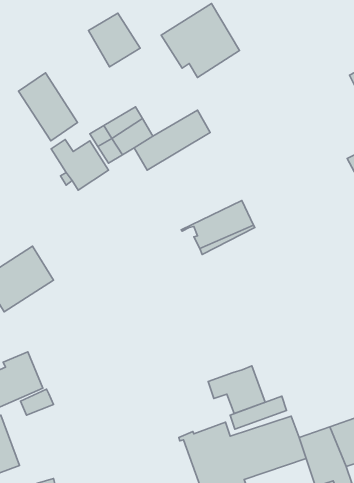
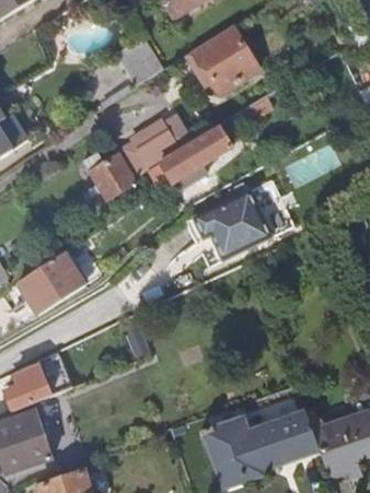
building: [19,73,78,141] -> none
building: none -> [194,188,259,237]
building: [208,366,265,414] -> none

